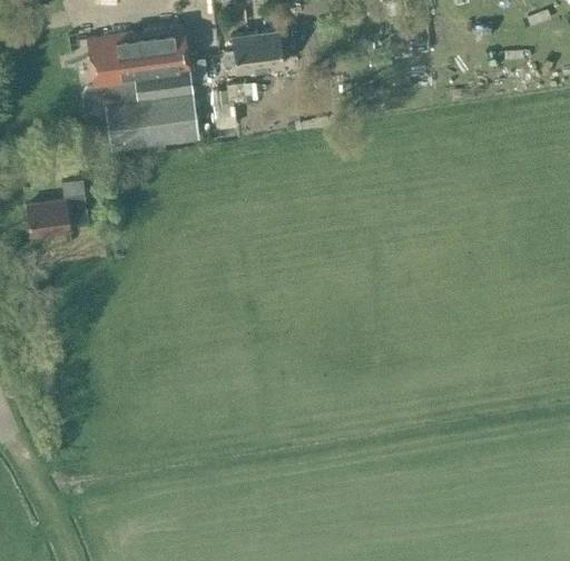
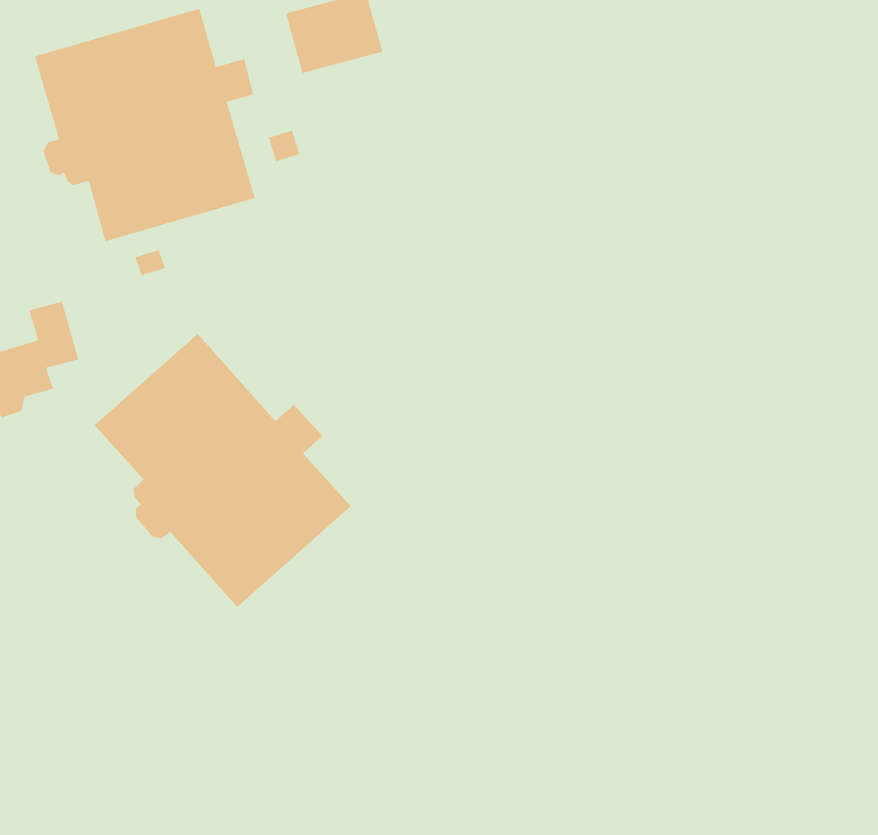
building: none -> [94,333,351,608]

